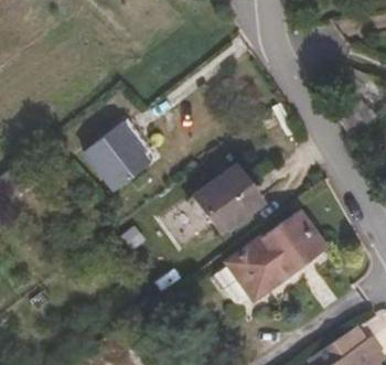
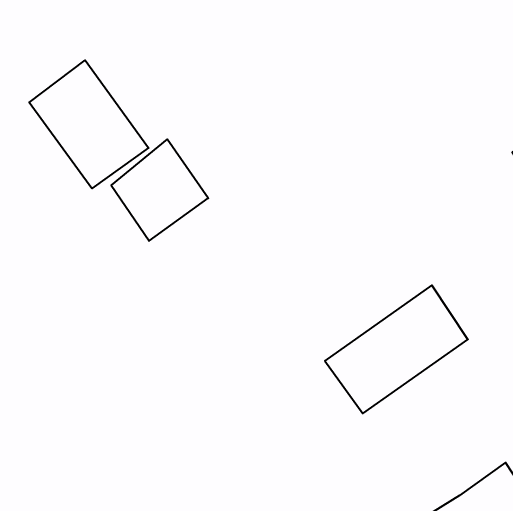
building: none -> [29,60,149,188]
building: [189,167,264,238] -> none

